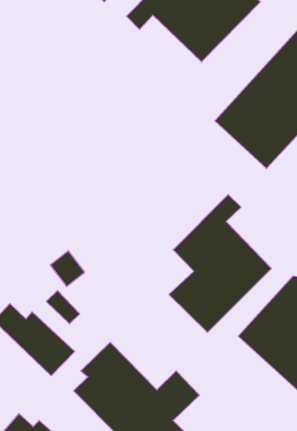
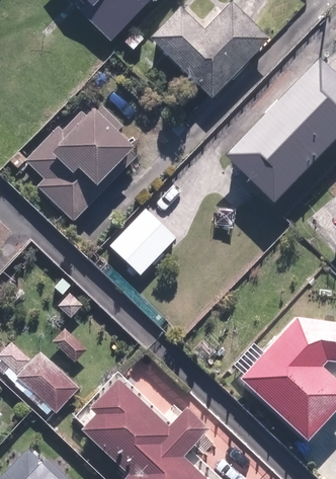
building: none -> [22,95,139,224]
building: none -> [110,207,176,272]
building: [169,195,271,332] -> none

